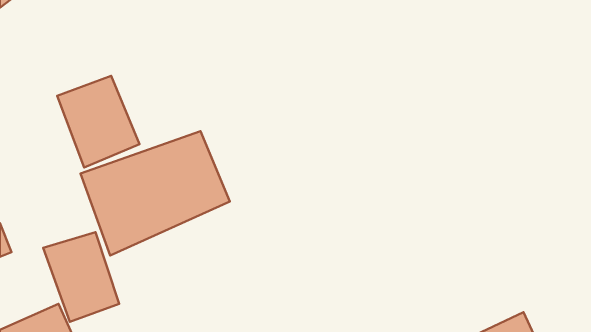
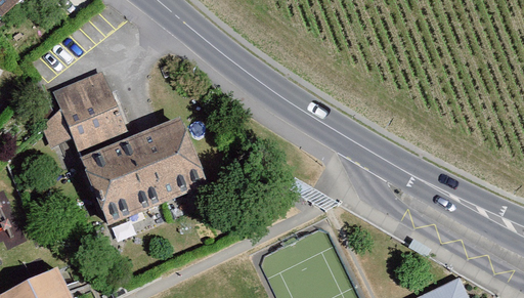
building: [43,232,119,322] -> none

